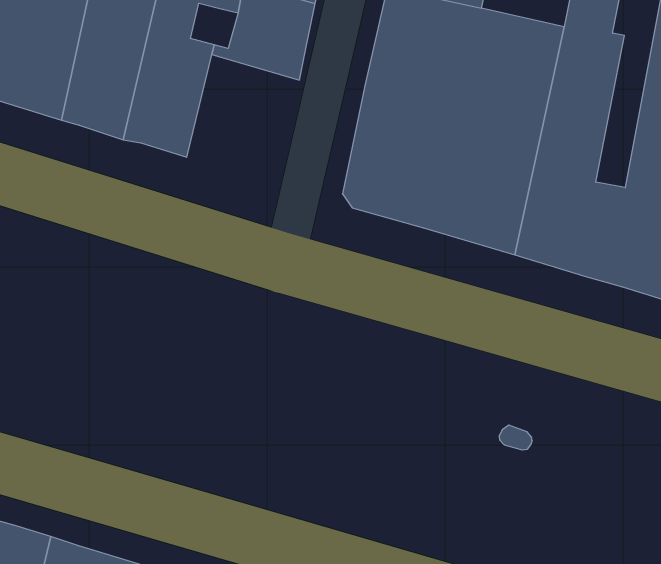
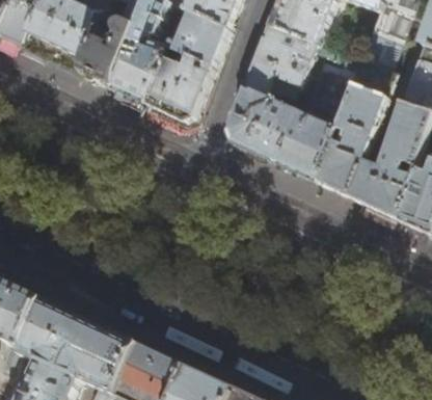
building: none -> [143,49,211,122]

